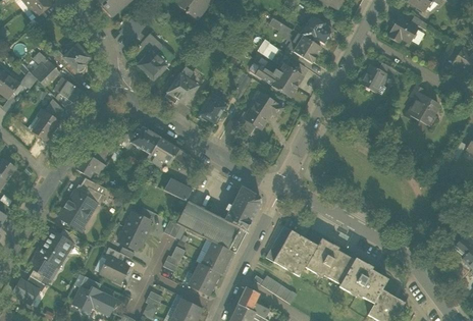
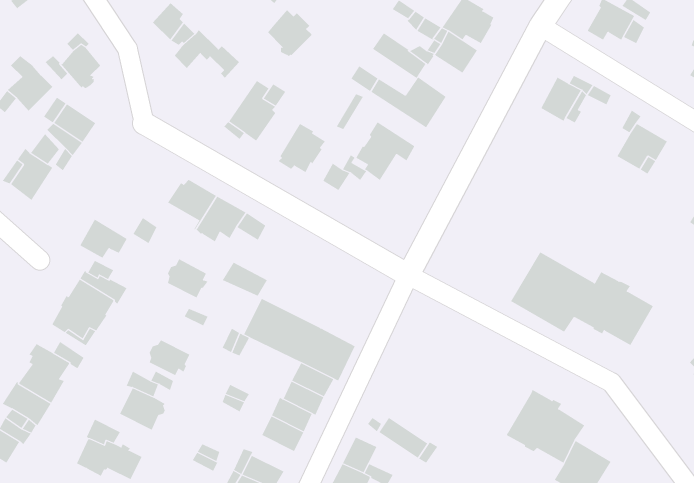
building: [138,50,166,79] -> [267,9,313,57]
building: [224,185,261,230] -> none
building: [125,211,151,235] -> [167,258,208,298]
building: [265,225,354,283] -> [510,252,654,346]

